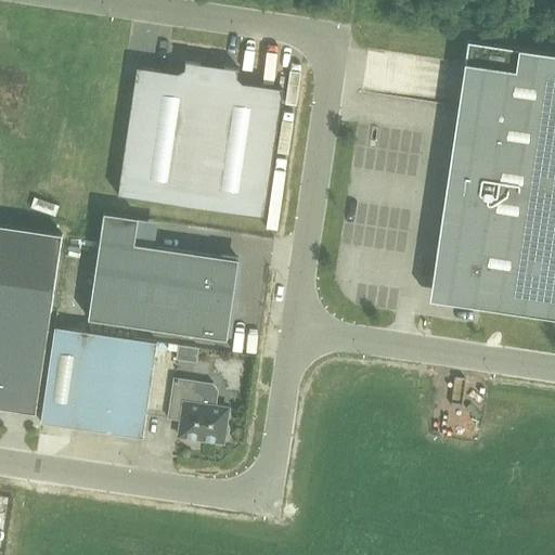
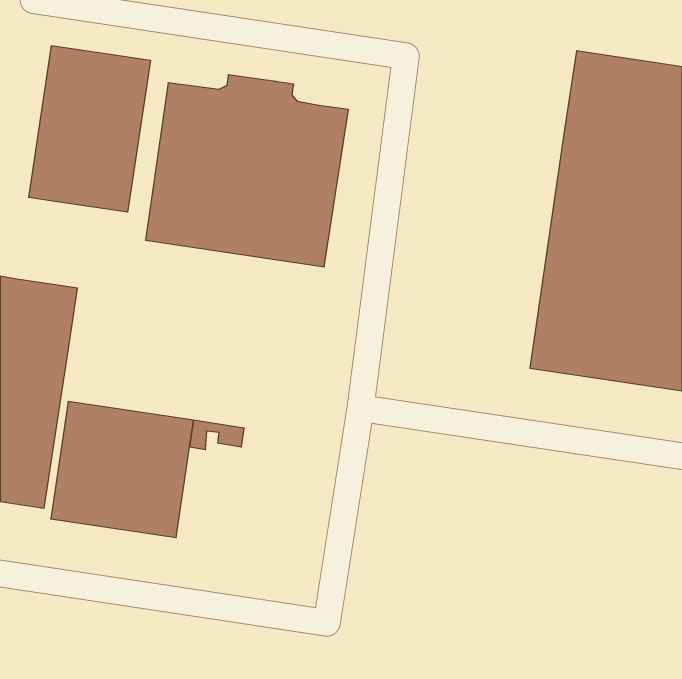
building: none -> [29,46,150,212]
building: [88,215,238,343] -> none
building: [168,380,229,444] -> none

